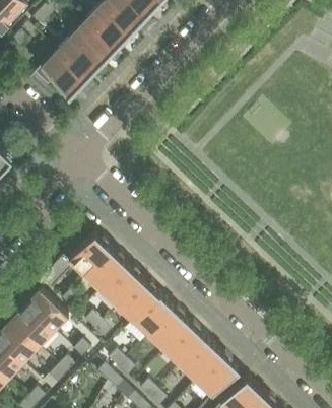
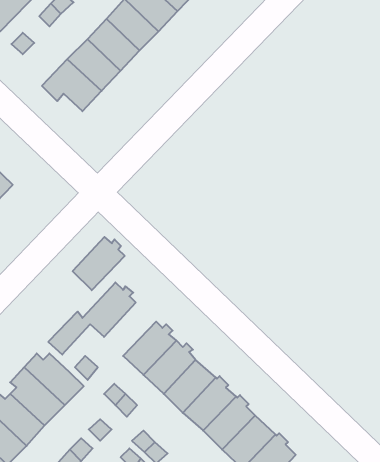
building: [84,251,126,293] -> [73,237,125,290]

